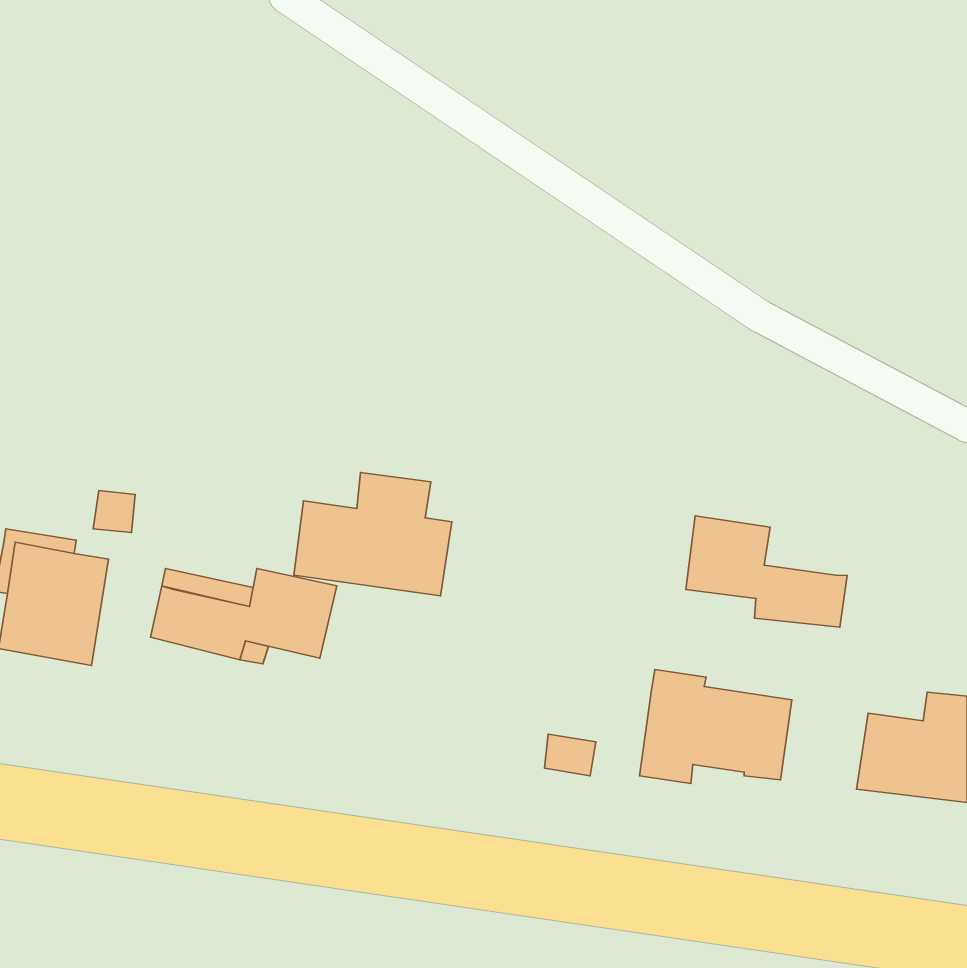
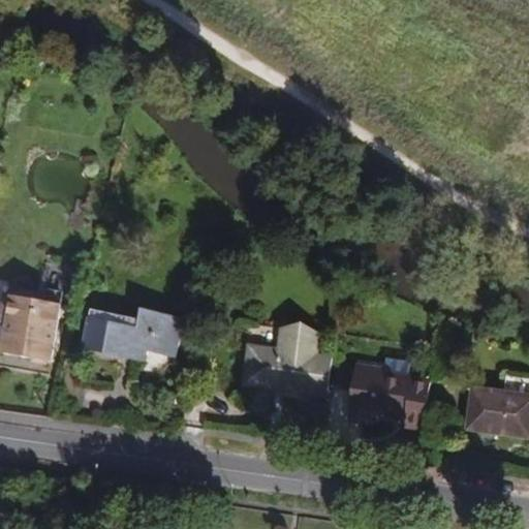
building: [294,472,452,596] -> [244,329,330,396]
building: [686,516,847,627] -> none

